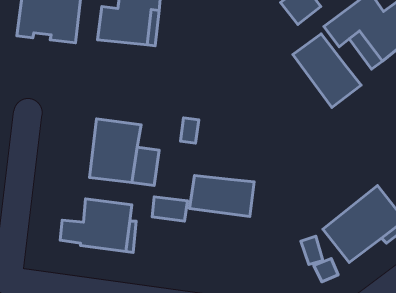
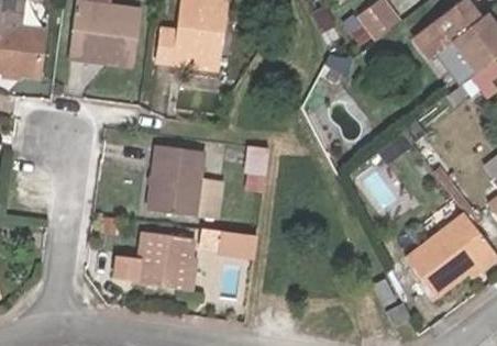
building: [293,34,361,107] -> none
building: [190,175,254,217] -> none

